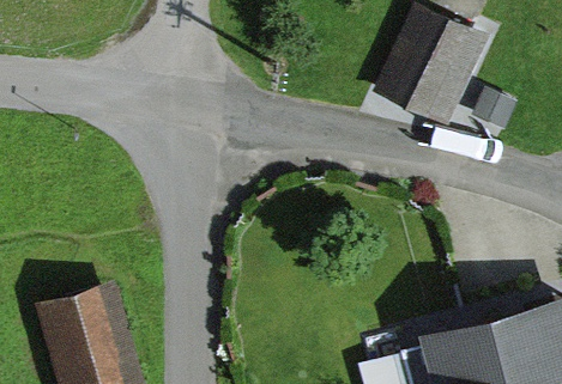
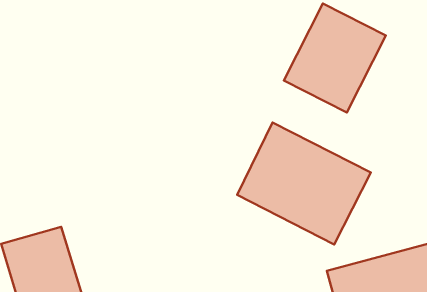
building: none -> [237,123,371,245]

